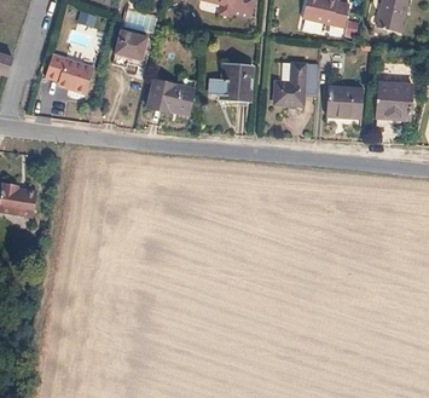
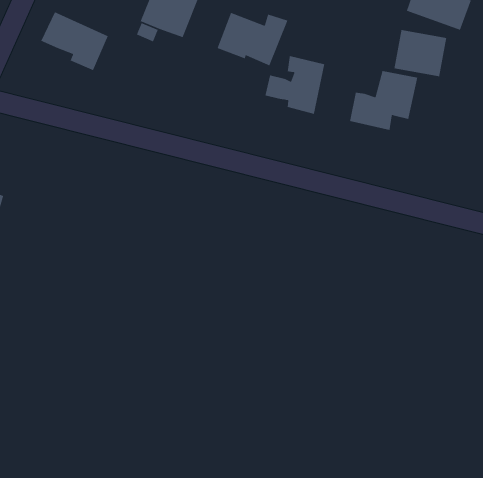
building: [147,76,196,114] -> [217,12,289,66]
building: [326,86,361,116] -> [394,29,447,77]

